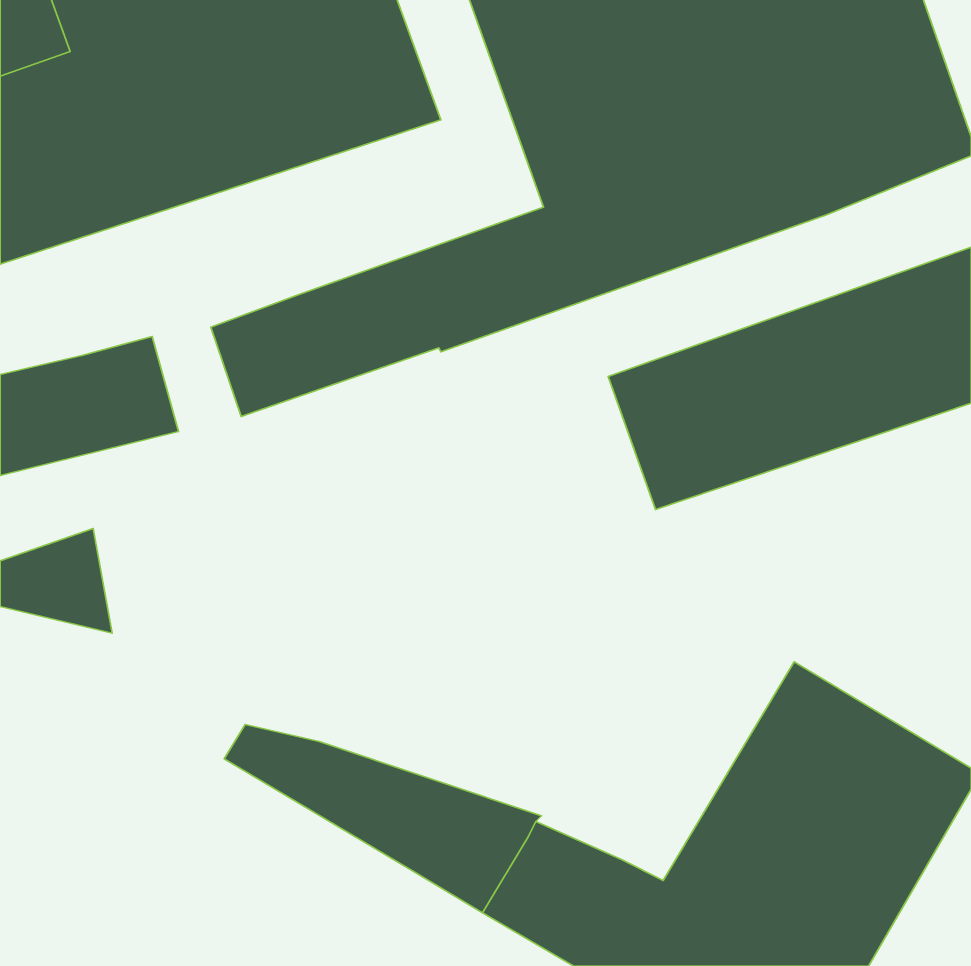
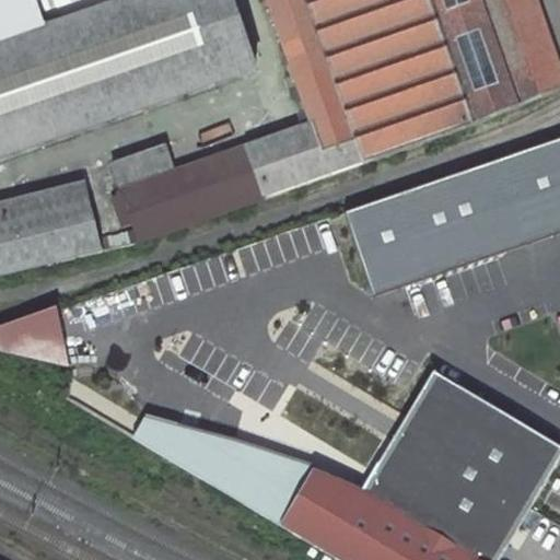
building: none -> [113,143,172,188]
building: none -> [40,172,88,205]
building: none -> [358,368,457,506]

